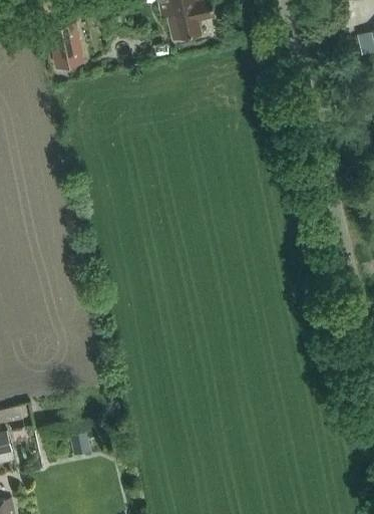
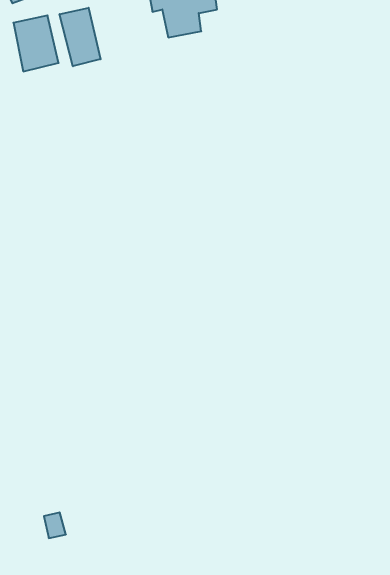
building: none -> [60,8,101,66]

